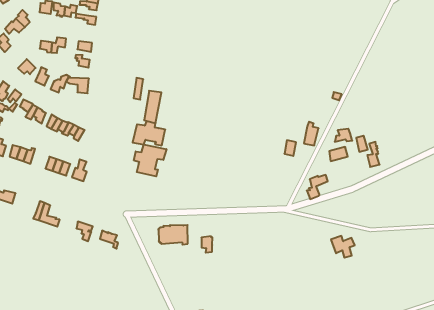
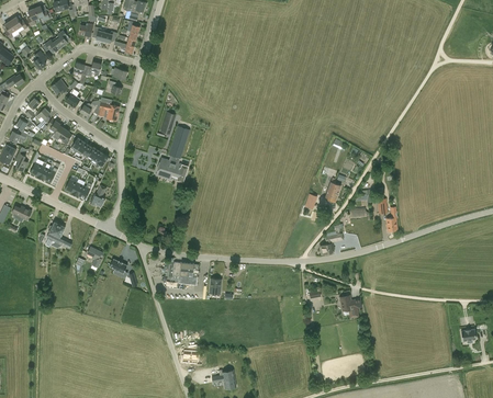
building: [134,144,166,176] -> none

